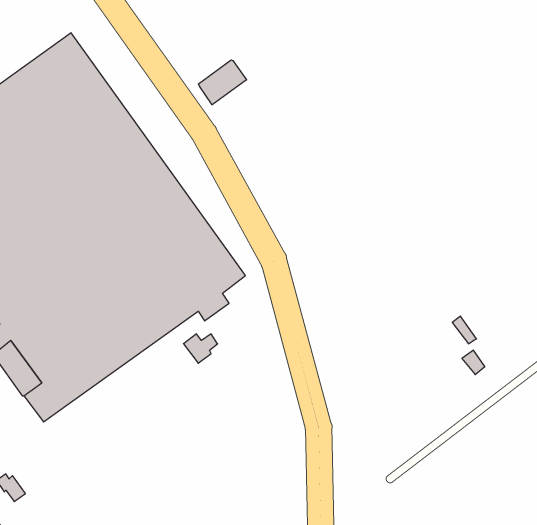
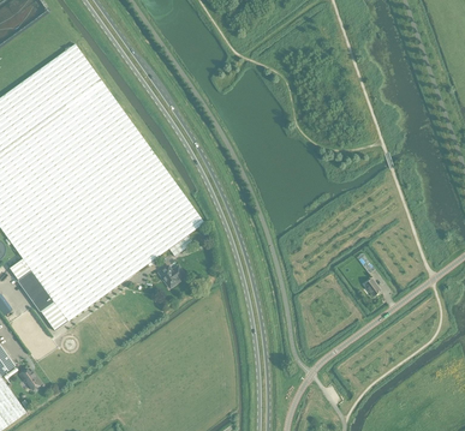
building: [198,60,247,105] -> none

